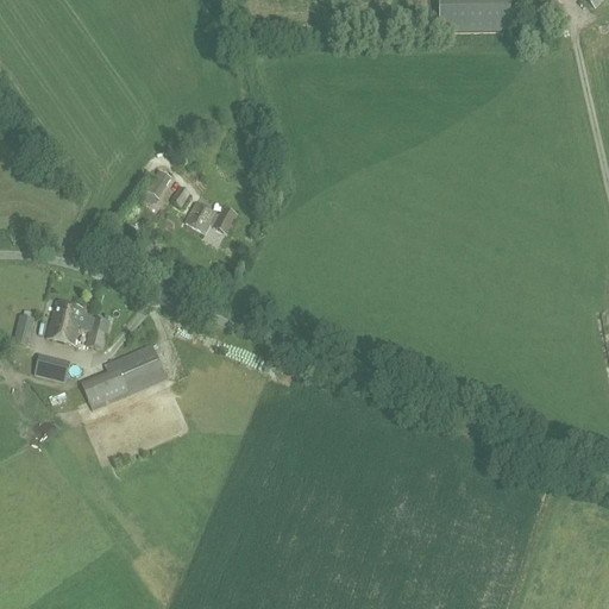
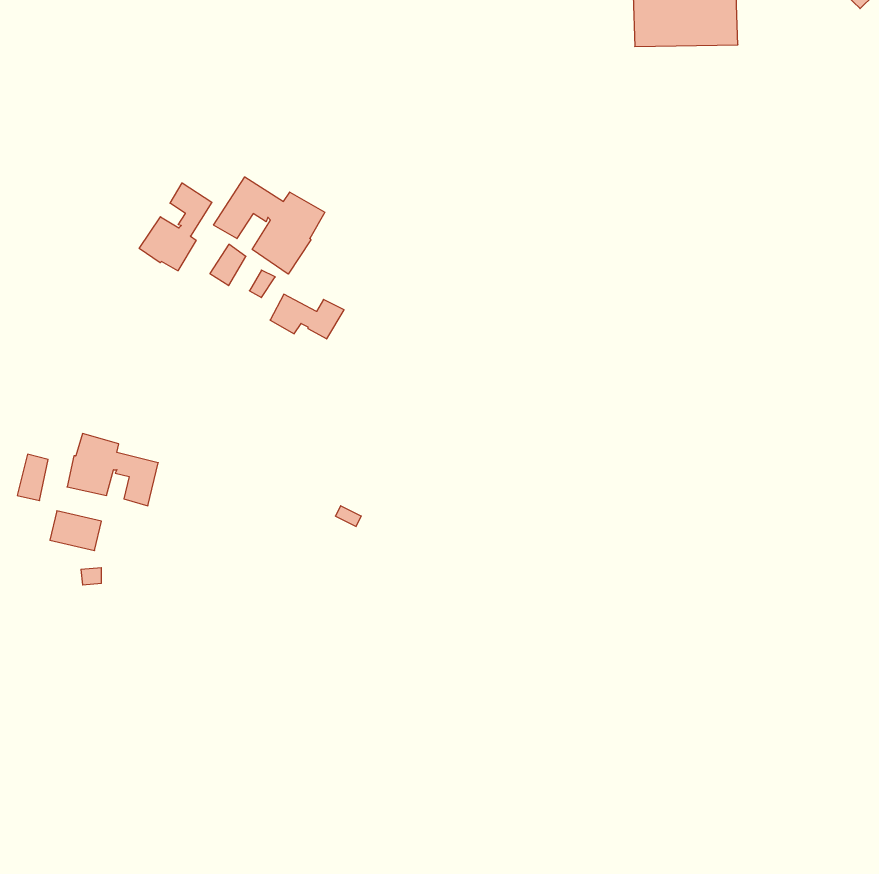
building: none -> [214,177,325,274]
building: none -> [139,183,212,271]
building: [81,343,167,409] -> none

